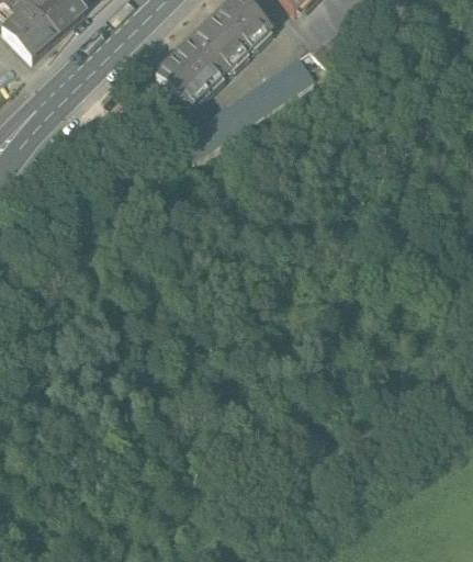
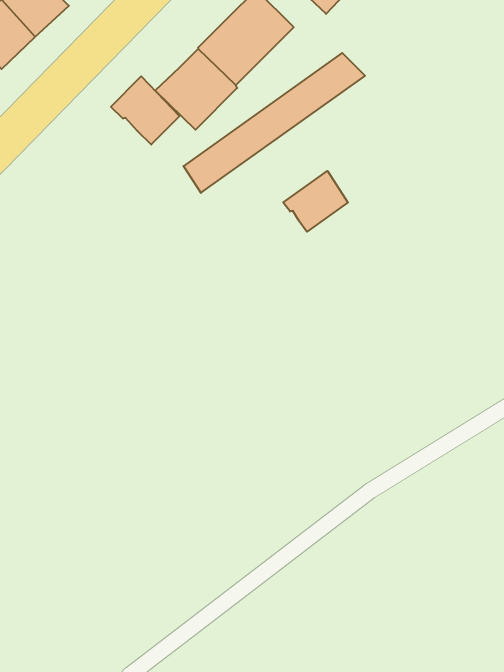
building: none -> [111,76,179,145]
building: none -> [283,171,348,232]

